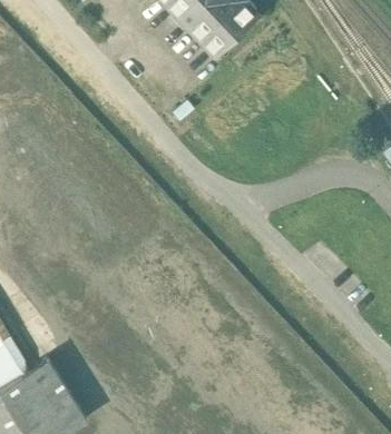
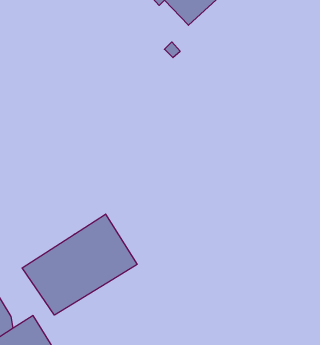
building: none -> [22,214,137,315]

